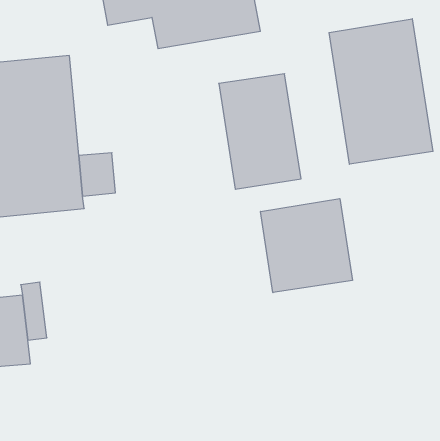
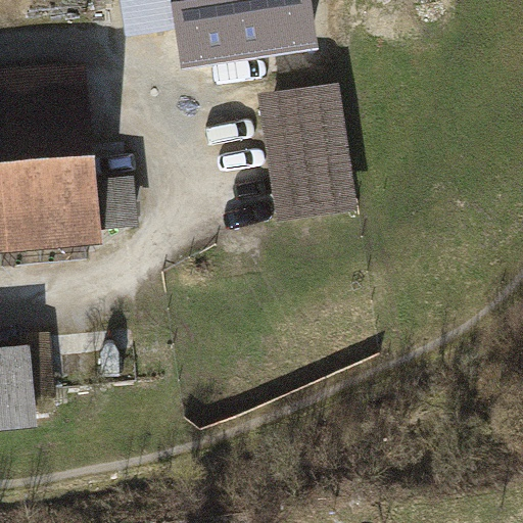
building: [329,19,433,164] -> none
building: [261,199,352,293] -> none

